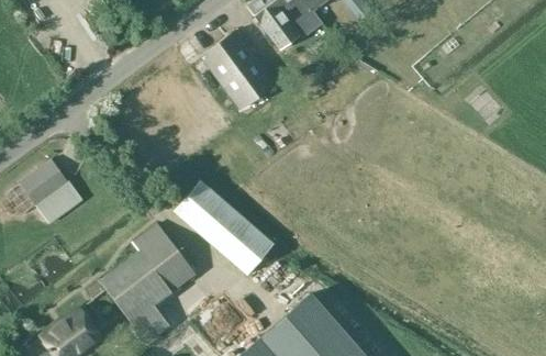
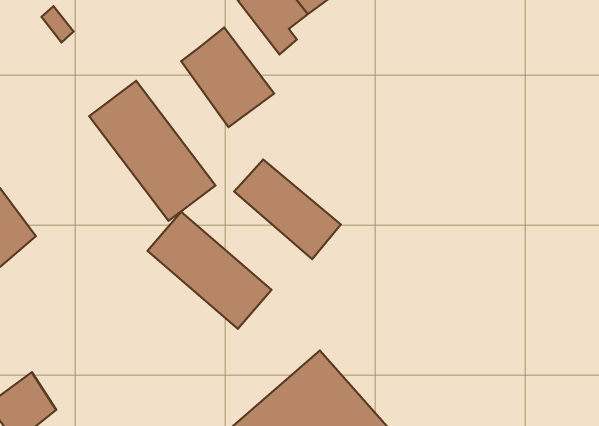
building: none -> [89,81,215,221]
building: none -> [234,160,341,259]
building: [98,224,196,344] -> none

